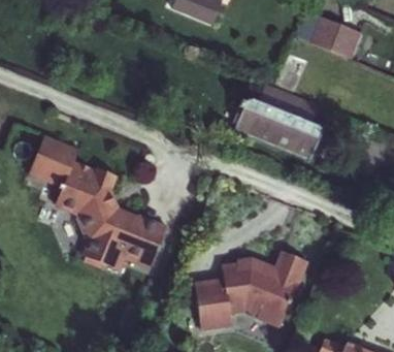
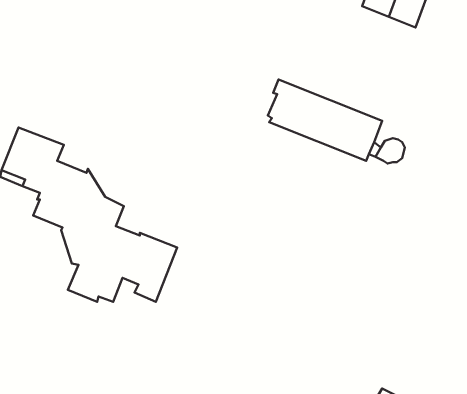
building: [197,251,309,329] -> none

